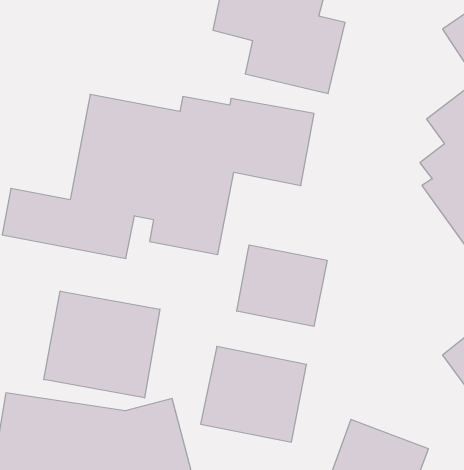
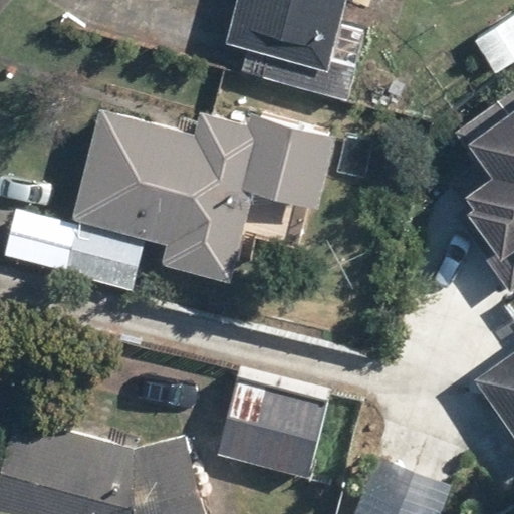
building: [237,245,327,326] -> none
building: [44,291,160,398] -> none

